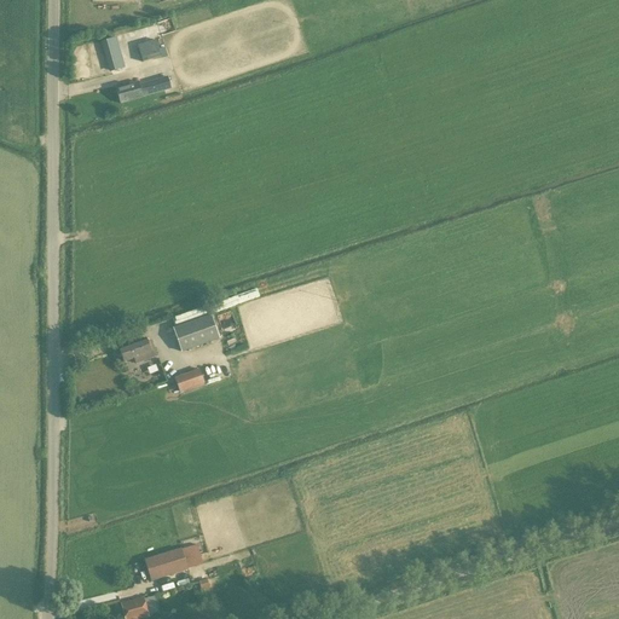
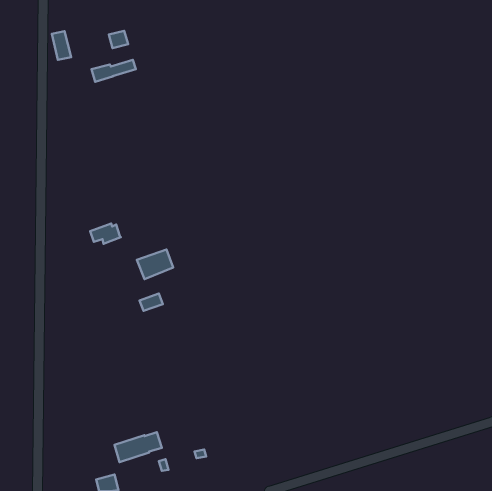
building: [103,30,127,66] -> [52,31,71,60]
building: [118,337,157,363] -> [90,224,121,244]

